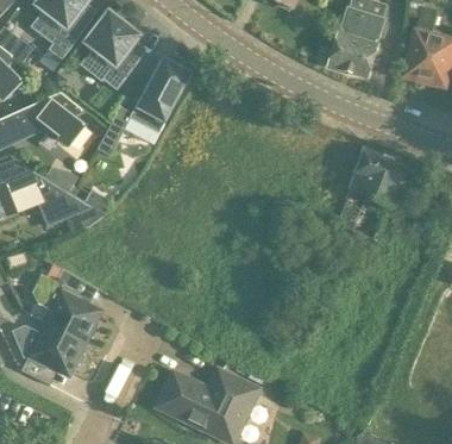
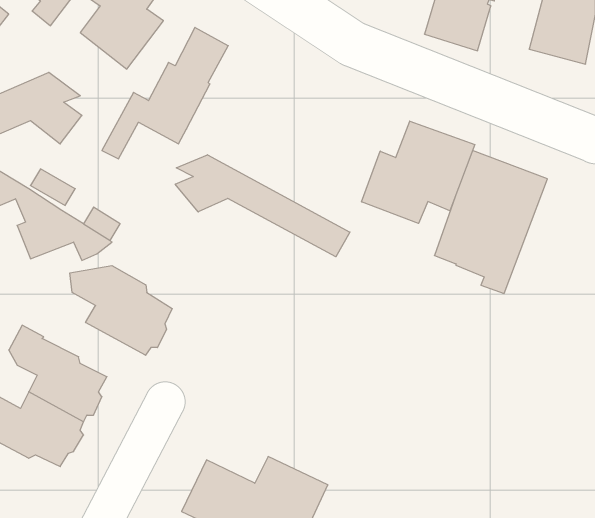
building: none -> [362,121,475,223]
building: none -> [175,155,350,257]
building: none -> [70,266,172,355]

